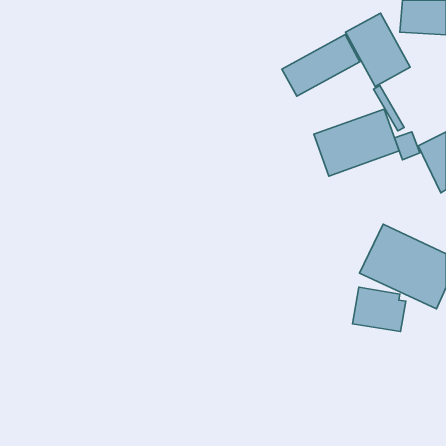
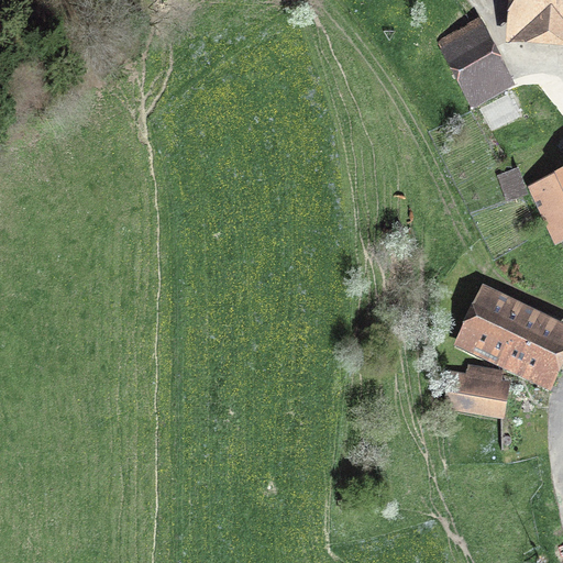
building: [282,35,360,96] -> none
building: [314,109,399,176] -> none

